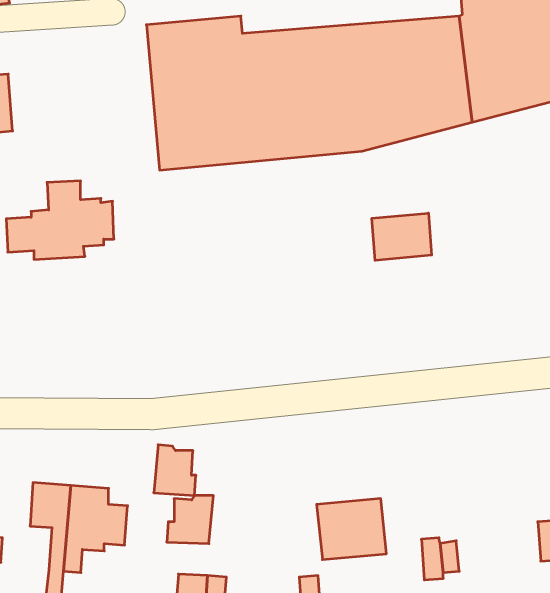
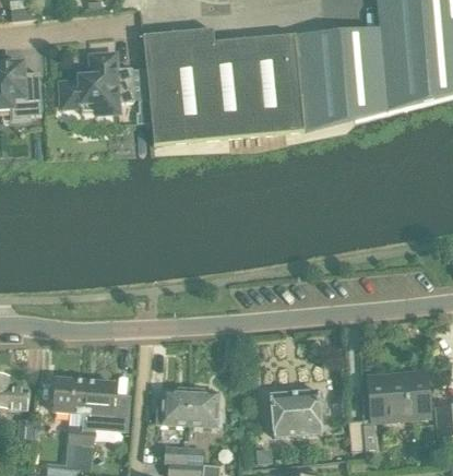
building: [6,181,114,259] -> [60,53,141,112]
building: [372,213,432,260] -> none
building: [154,445,196,496] -> [189,388,220,426]
building: none -> [369,372,429,419]

